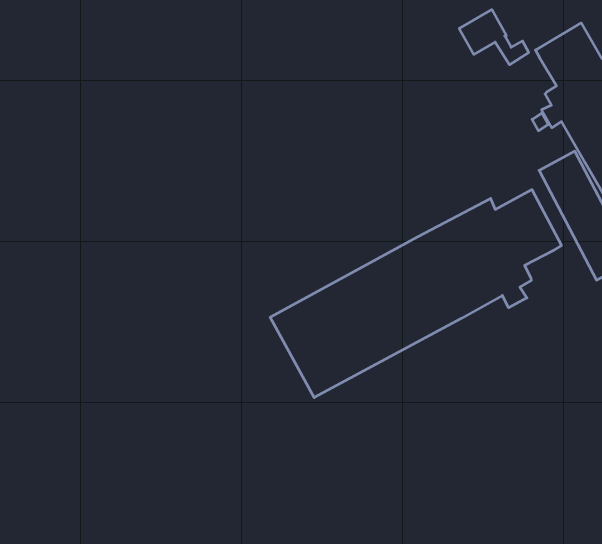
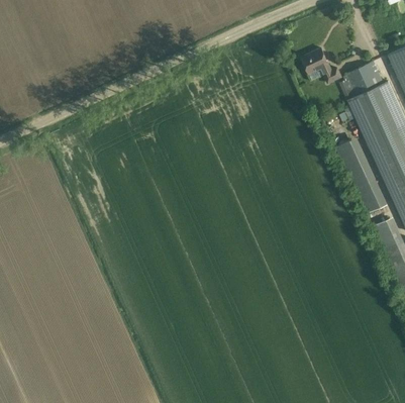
building: [270,190,561,398] -> none

